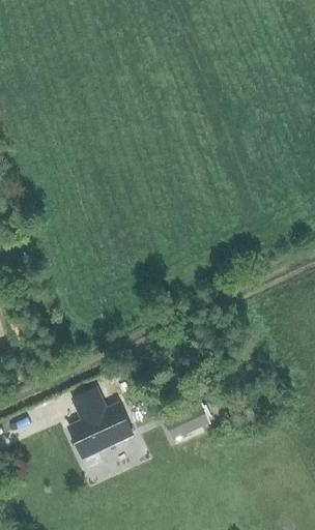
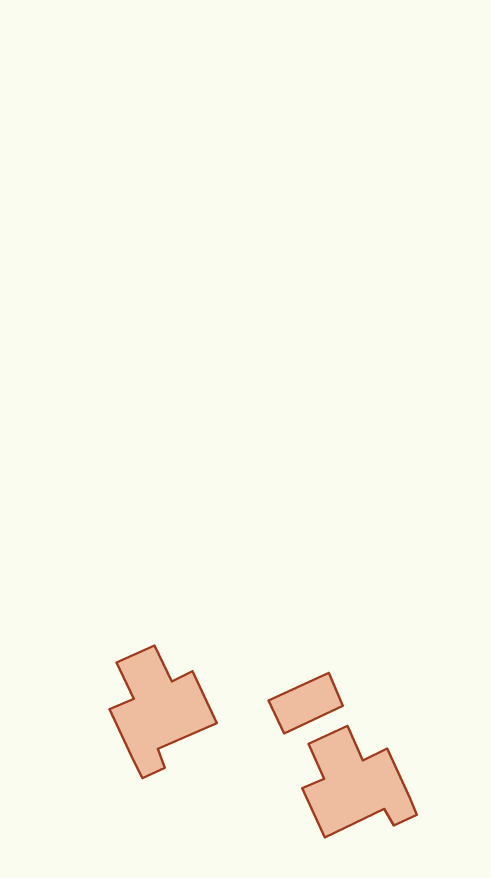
building: none -> [302,726,417,837]

